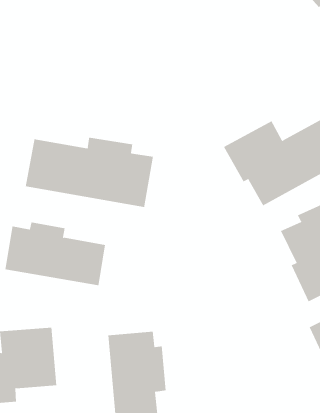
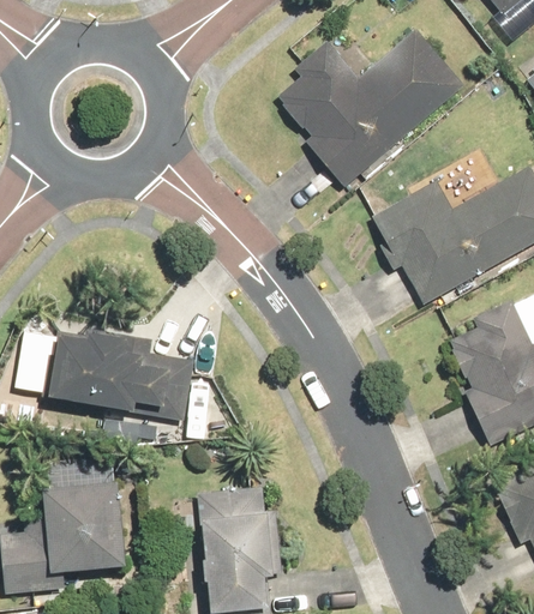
building: none -> [277,30,464,187]
building: [25,137,154,208] -> none

